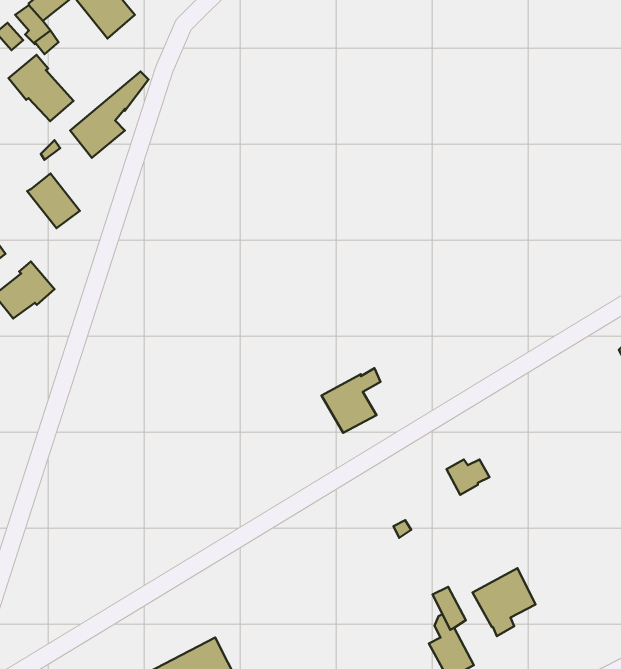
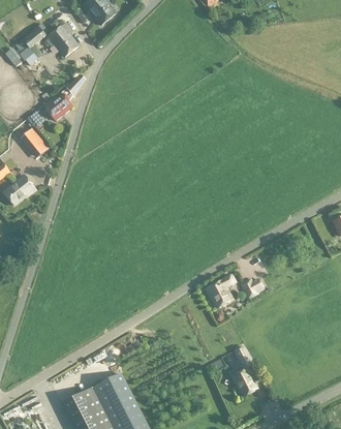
building: [8,55,74,121] -> none
building: [322,368,380,433] -> [204,274,235,308]
building: [473,568,535,636] -> none

